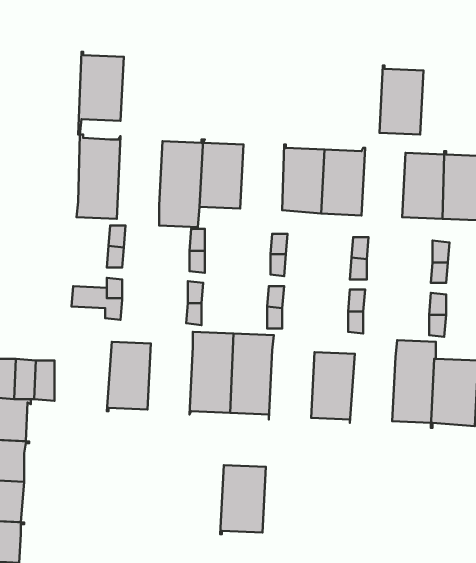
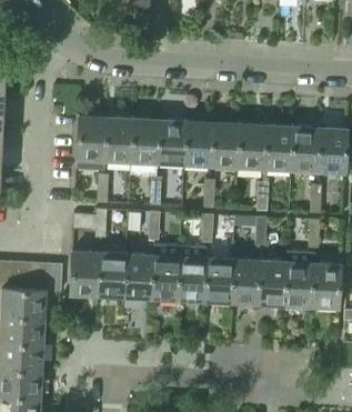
building: [78,52,124,134] -> [103,117,133,171]
building: [380,65,423,135] -> [264,124,293,170]
building: none -> [184,121,213,165]
building: none -> [70,251,100,298]
building: none -> [123,253,153,300]
building: none -> [257,260,286,305]
building: [220,465,266,534] -> [203,258,233,303]

